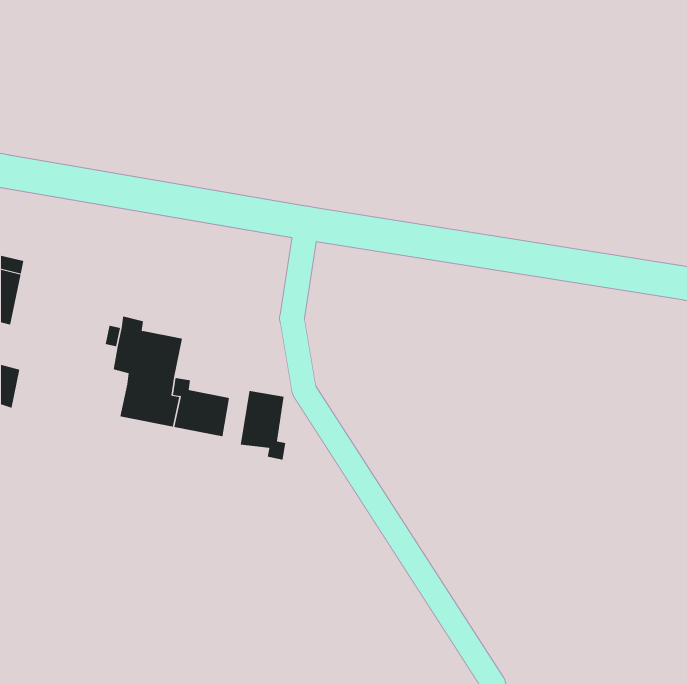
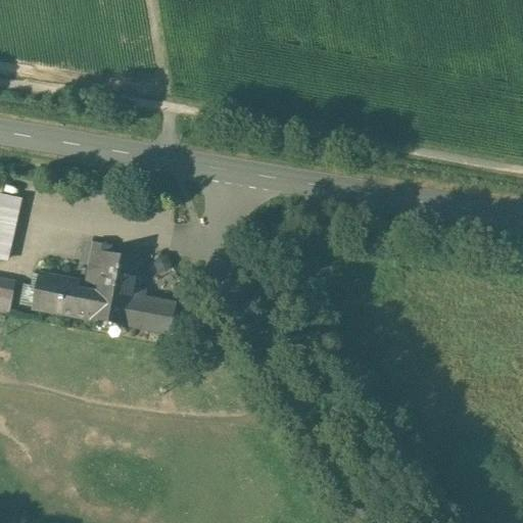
building: none -> [33,273,96,317]
building: [240,390,286,460] -> none

